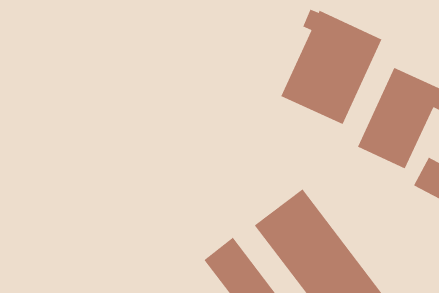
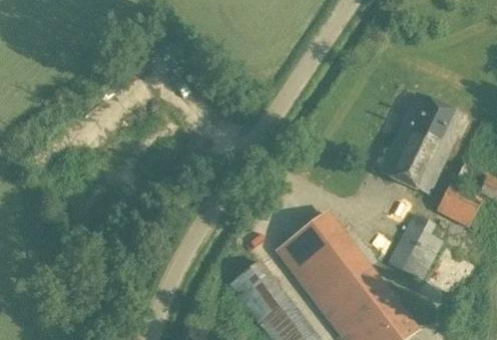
building: [281,9,382,125] -> none
building: none -> [387,215,442,281]

